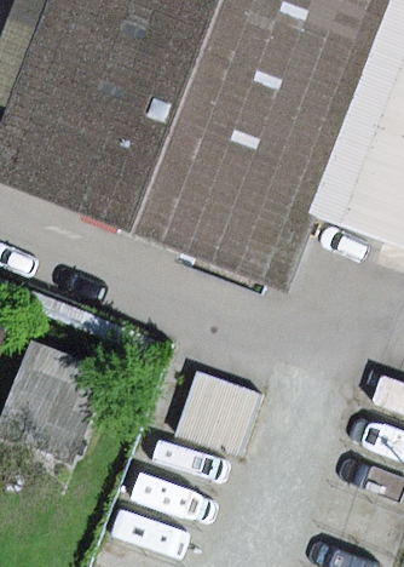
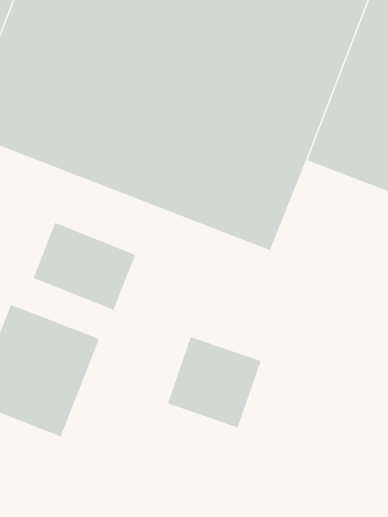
building: none -> [33,222,136,310]

